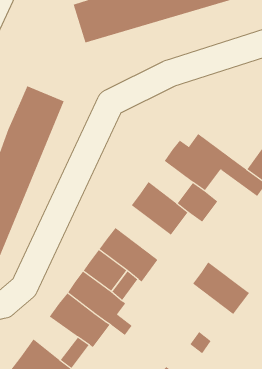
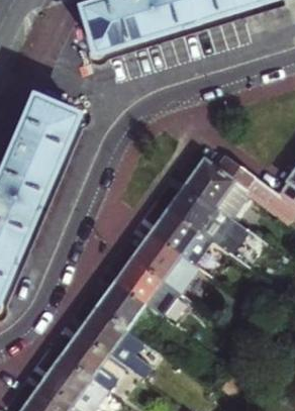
building: none -> [170,182,218,228]
building: [192,262,250,315] -> [133,230,197,289]
building: none -> [43,352,92,400]

